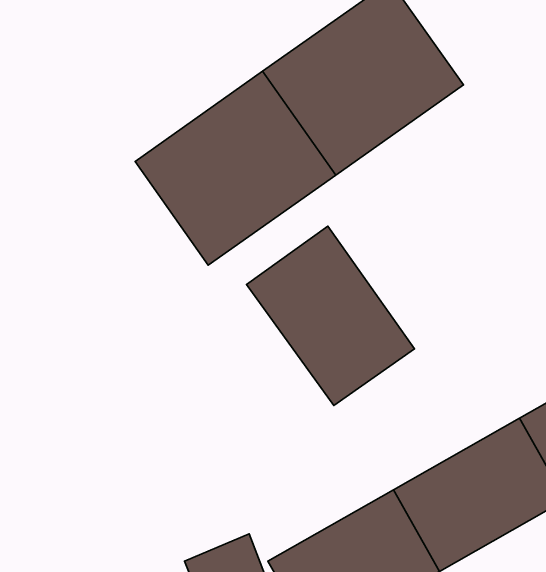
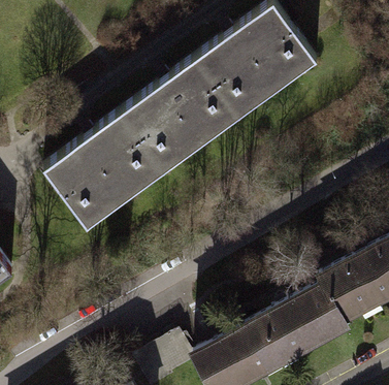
building: none -> [38,109,160,227]
building: [246,226,415,405] -> none

